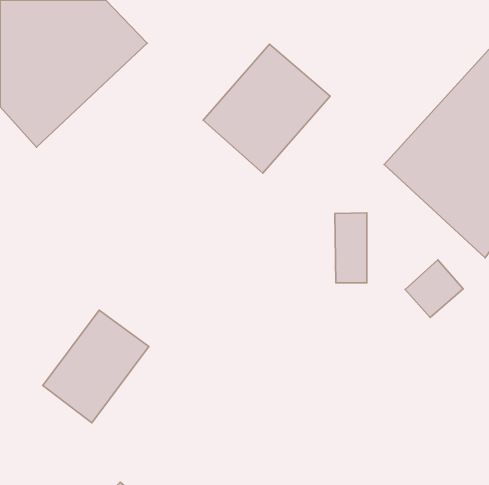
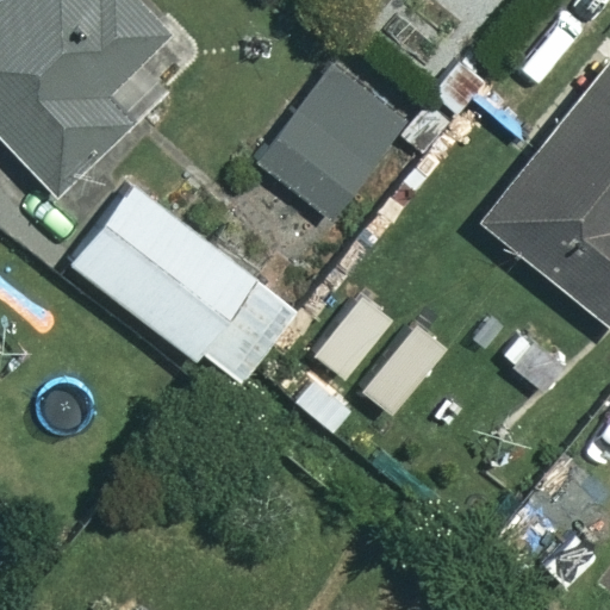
building: none -> [68,183,295,388]
building: [43,310,149,423] -> none

